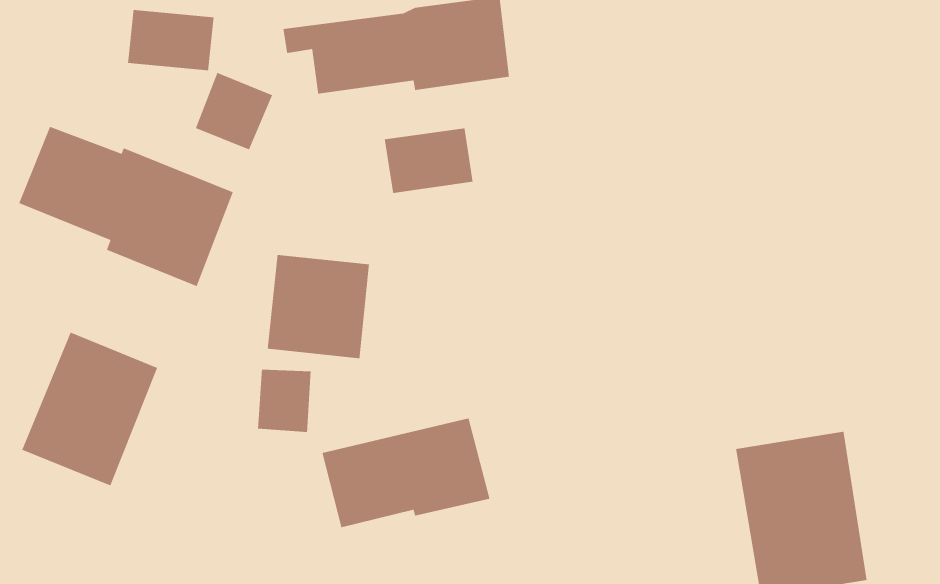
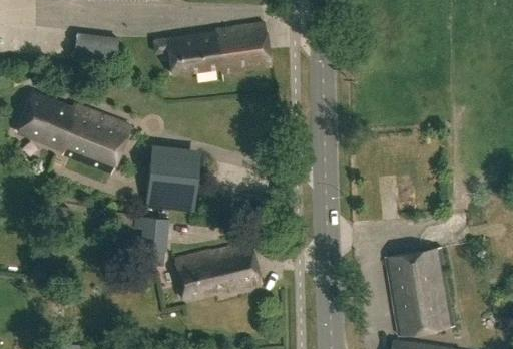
building: [195,72,273,150] -> none
building: [384,127,474,194] -> none
building: [21,332,158,486] -> none

